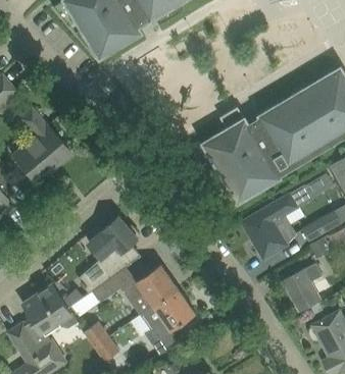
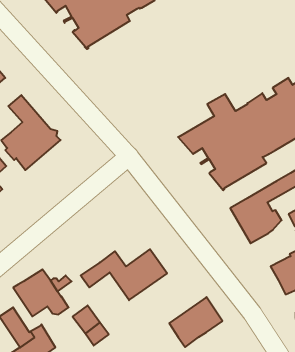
building: [88,216,139,277] -> none
building: [141,288,195,339] -> [169,297,222,347]

